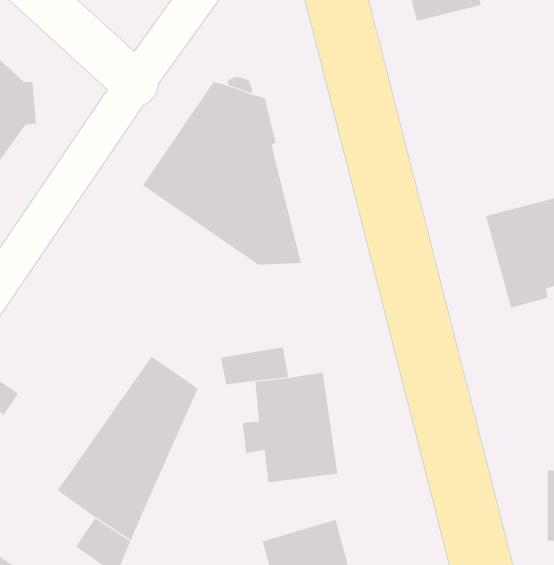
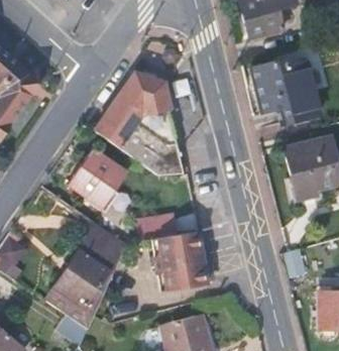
building: none -> [249,58,318,121]
building: none -> [71,148,129,211]

